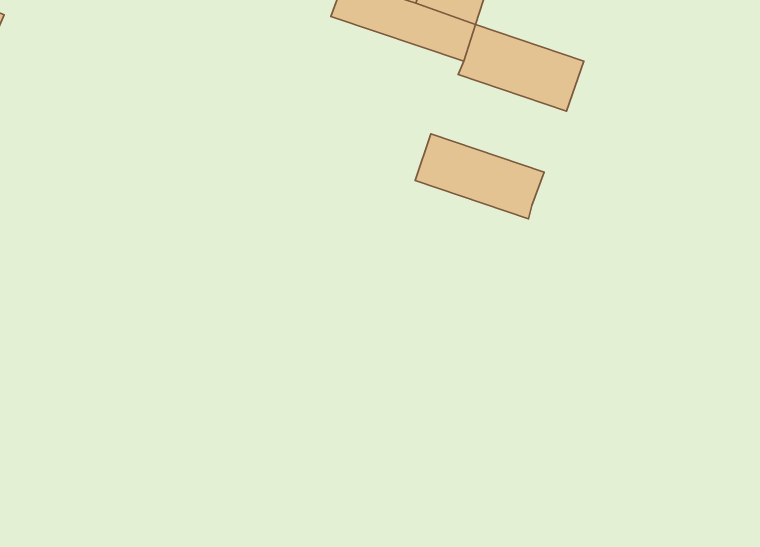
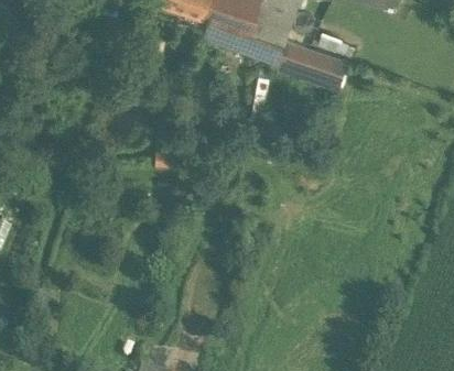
building: [415,134,544,219] -> none

